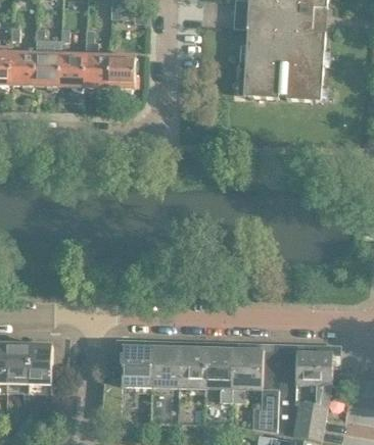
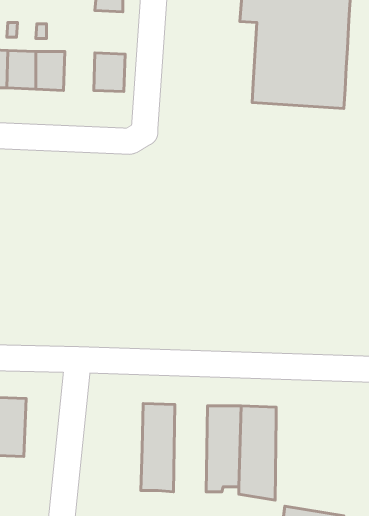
building: [83,27,109,83] -> none
building: [121,347,150,404] -> none
building: [176,348,204,422] -> none
building: [262,350,332,438] -> none

